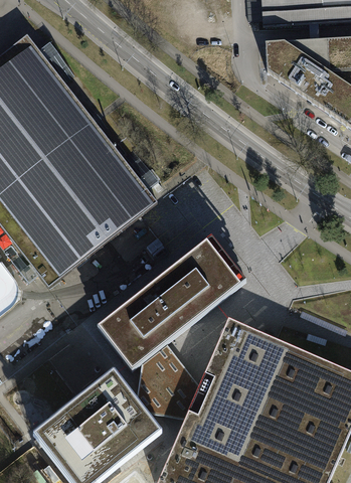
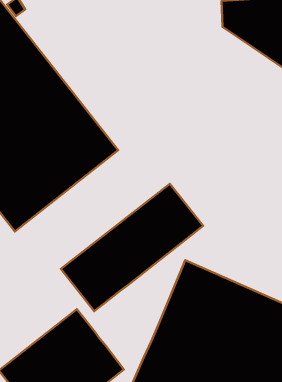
building: [134,343,200,419] -> none

